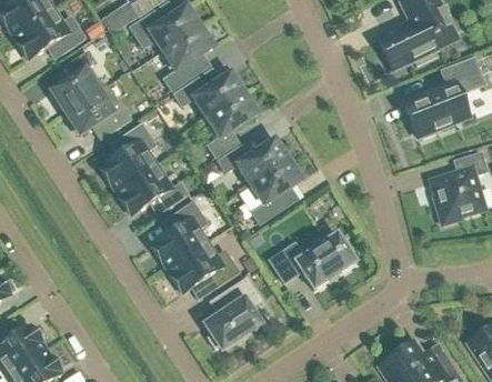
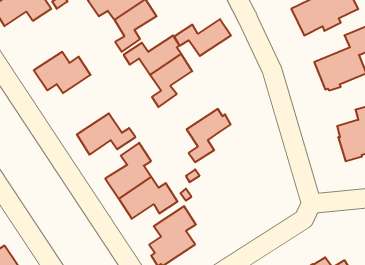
building: [50,50,99,112] -> none
building: [100,123,155,190] -> none
building: [219,139,288,183] -> [174,19,231,56]
building: [269,233,357,289] -> none

